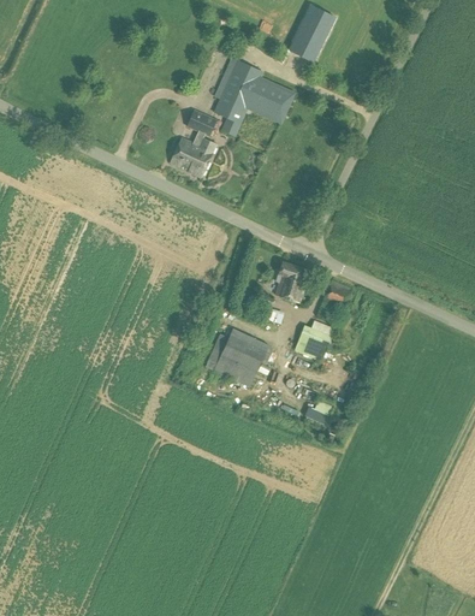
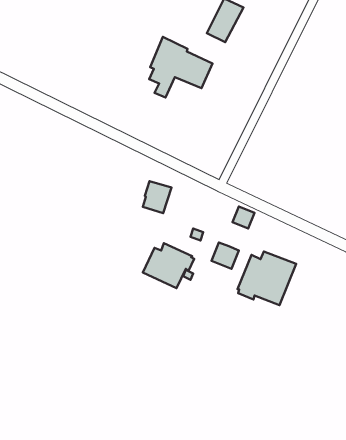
building: [170,108,215,177] -> none
building: [273,261,310,303] -> [143,181,171,213]
building: none -> [237,251,296,305]

